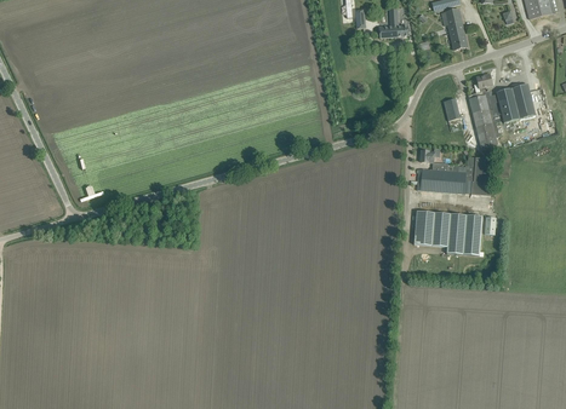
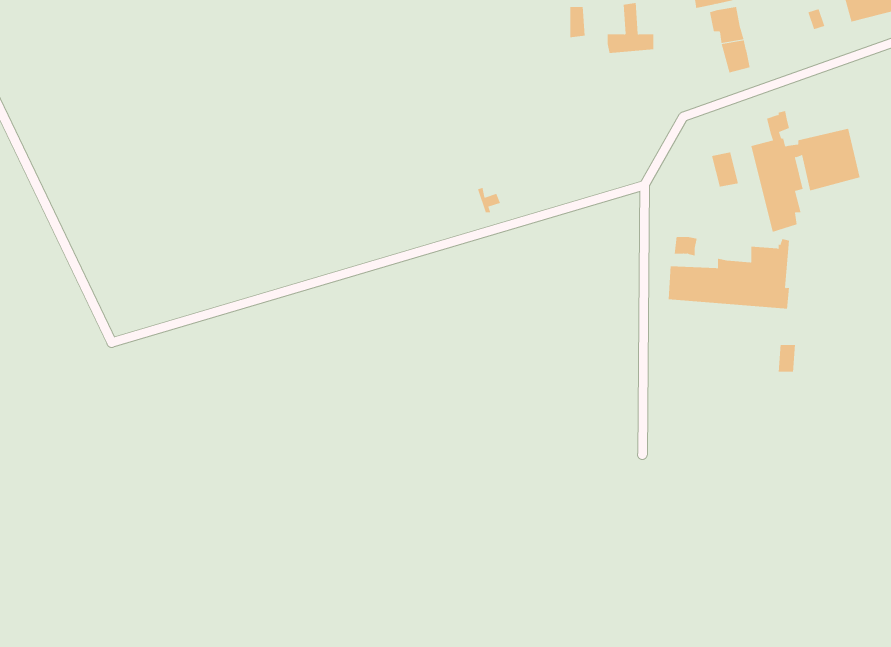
building: [413,211,481,255] -> none

